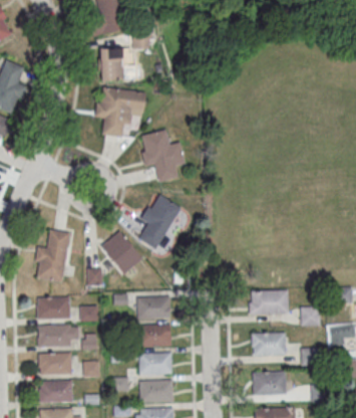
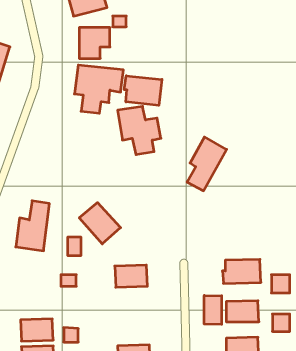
building: none -> [124,76,162,105]
building: [138,192,180,248] -> [187,137,227,191]
building: [36,296,70,320] -> none
building: [37,324,71,347] -> none
building: [137,324,171,347] -> none
building: none -> [204,295,222,324]
building: [138,352,172,374] -> none

